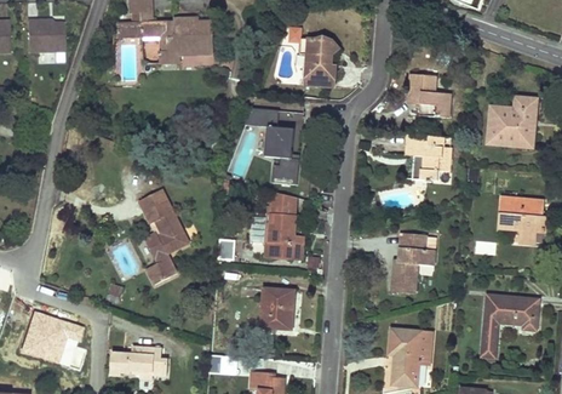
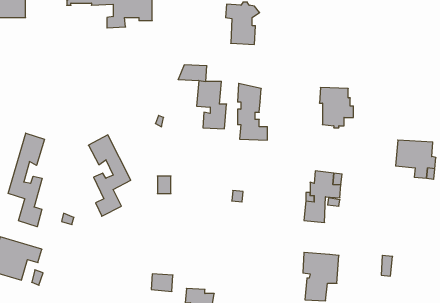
building: [406,73,449,115] -> none
building: [487,95,537,145] -> none
building: none -> [8,133,44,227]
building: [268,190,303,257] -> [238,83,267,140]
building: [260,286,293,327] -> none
building: [483,292,538,327] -> none
building: [110,344,171,378] -> none

